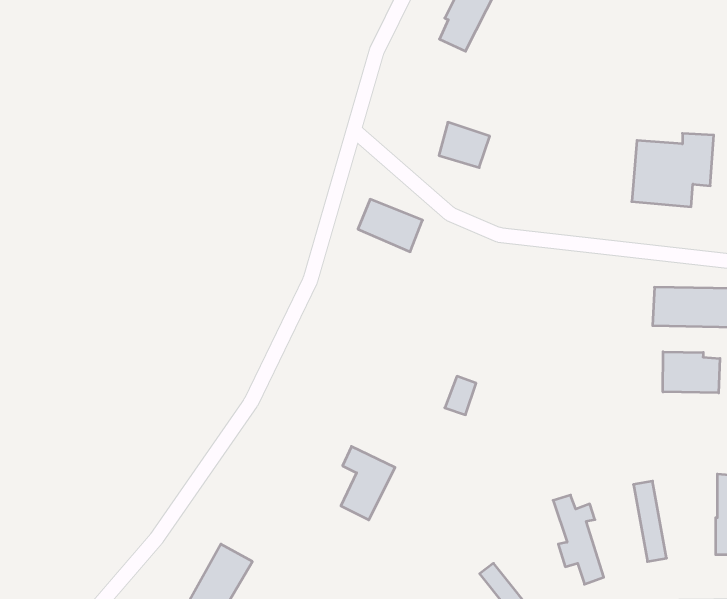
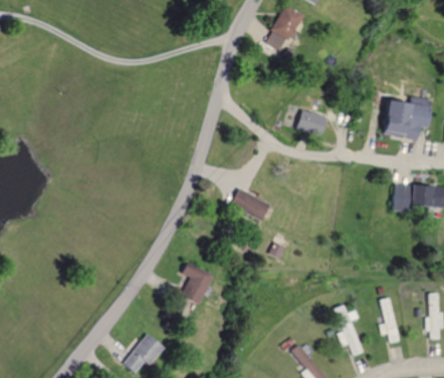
building: [439,122,490,168] -> [296,109,325,135]
building: [358,199,423,252] -> [231,190,268,220]
building: [663,352,720,393] -> none
building: [341,446,395,520] -> [180,263,211,305]

